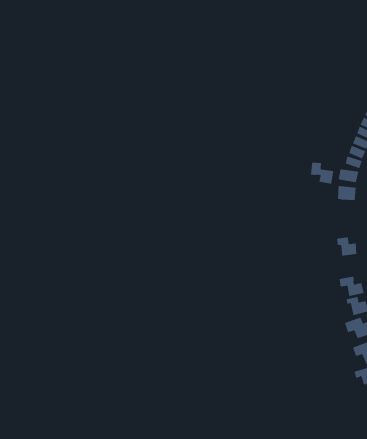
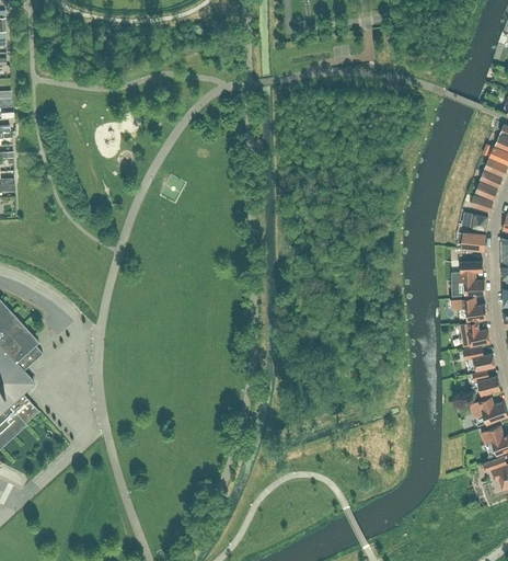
building: [311,162,334,184] -> none
building: none -> [451,261,485,295]
building: none -> [460,321,489,345]

